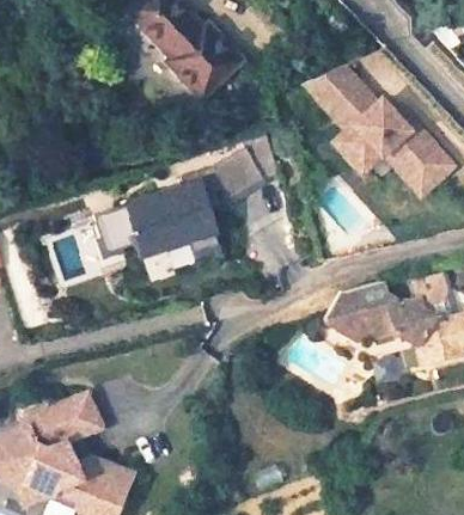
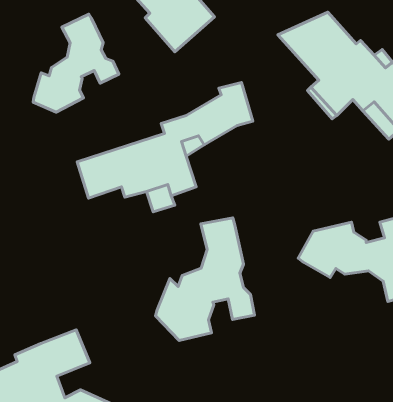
building: none -> [33,14,119,112]
building: none -> [156,218,255,341]

